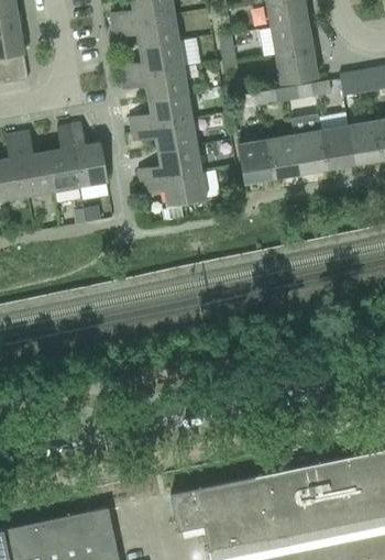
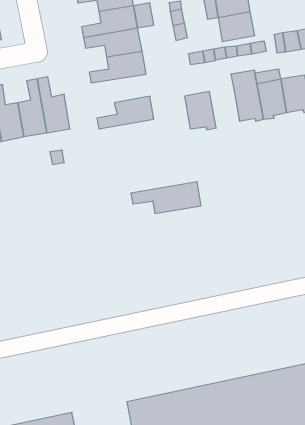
building: [131,119,198,152] -> none
building: [266,134,300,180] -> none
building: [140,168,220,205] -> [131,182,201,213]

